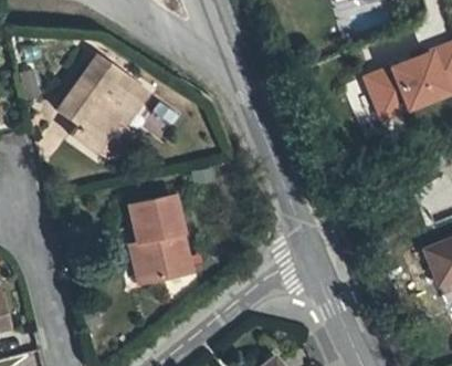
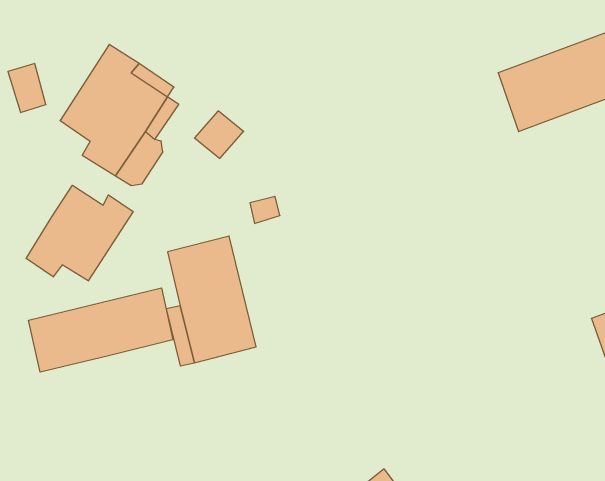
building: none -> [26,185,133,281]
building: none -> [29,288,173,372]

